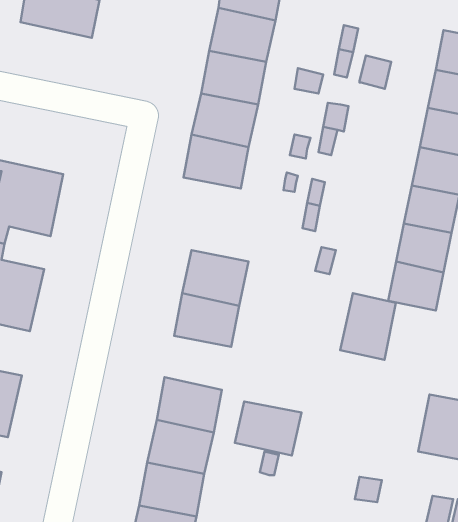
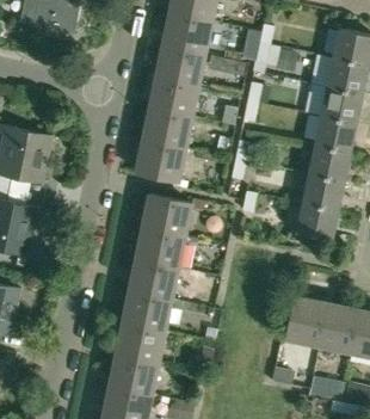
building: none -> [135,140,185,181]
building: [340,293,396,360] -> [285,296,327,346]
building: [235,402,301,455] -> [128,259,178,300]

